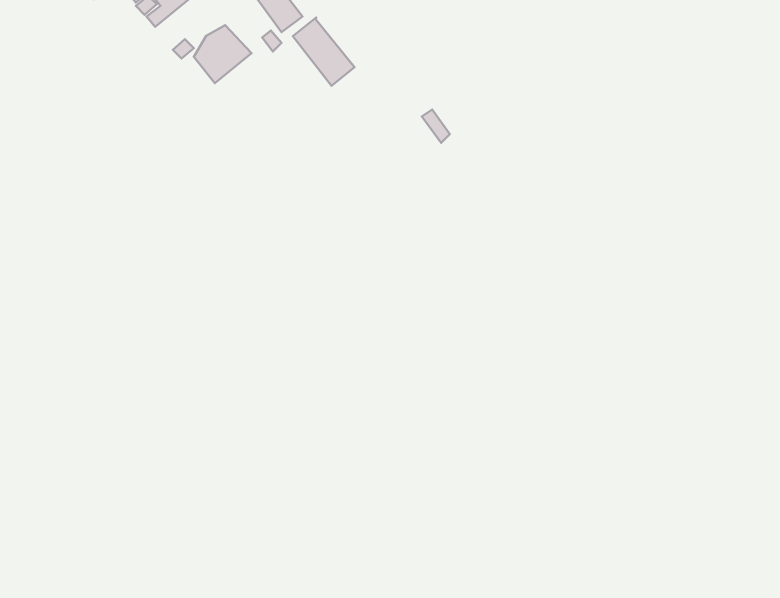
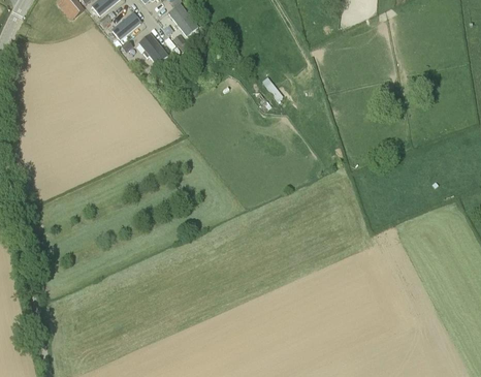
building: [293,17,355,86] -> none

